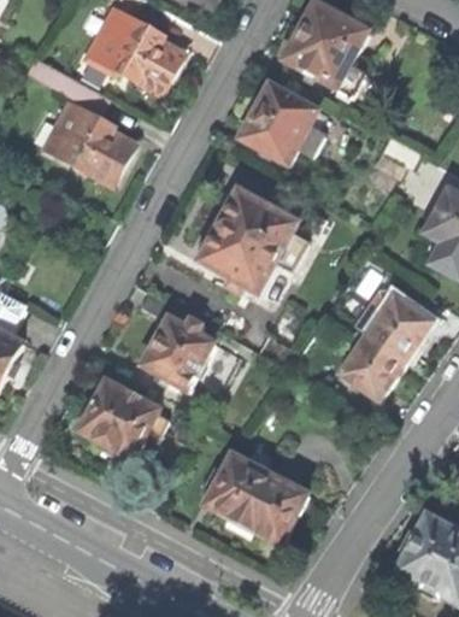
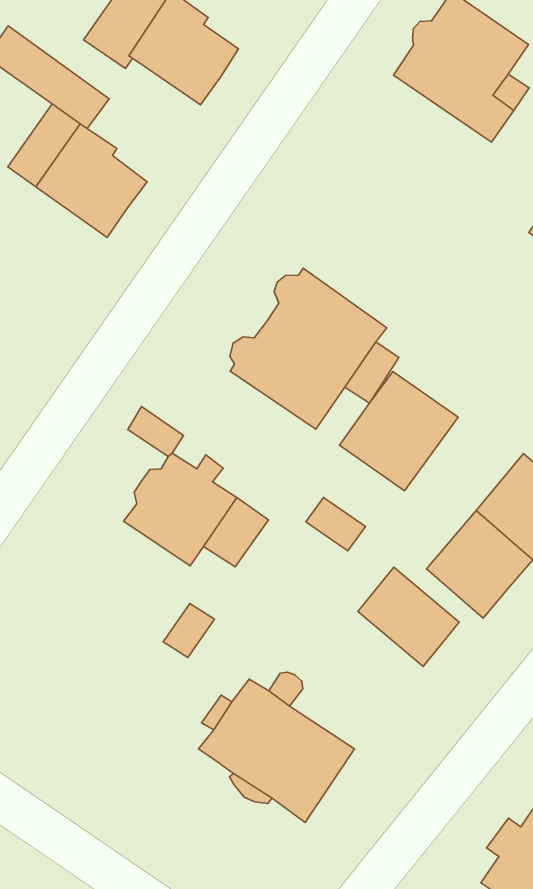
building: [241,82,324,161] -> none
building: none -> [339,372,458,491]
building: none -> [358,567,459,667]
building: [81,378,160,458] -> none

